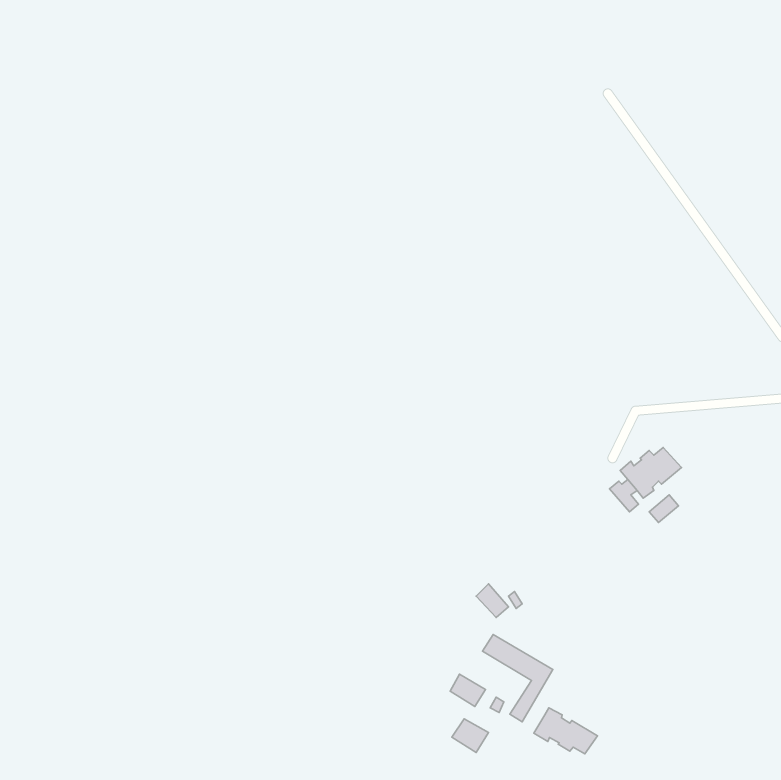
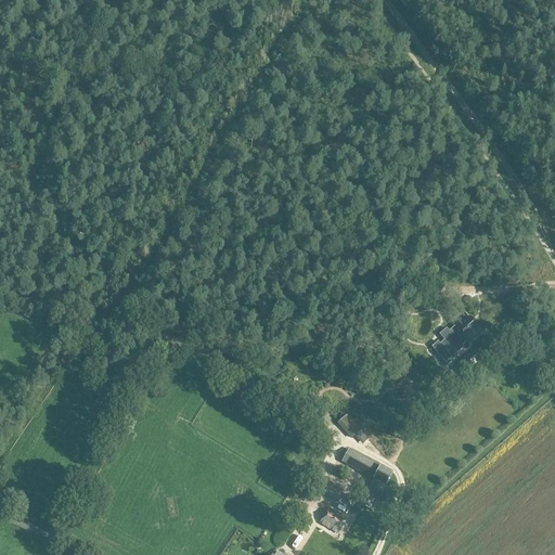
building: [534,708,597,754] -> none

